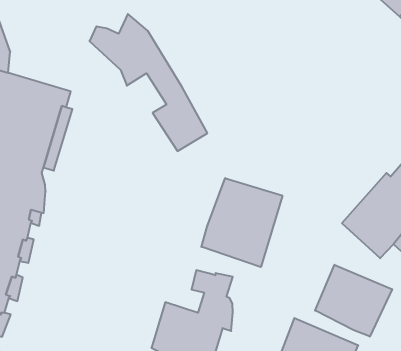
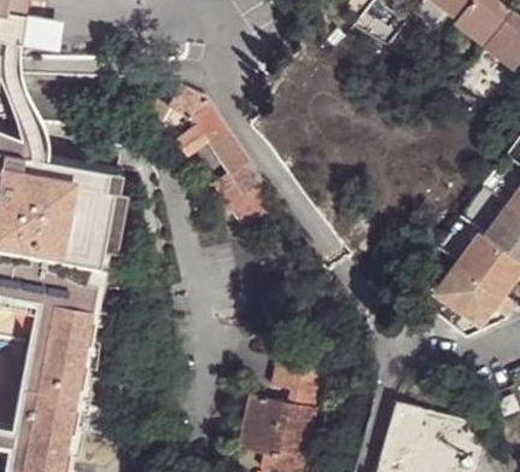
building: [201,178,282,267] -> none
building: [315,265,392,337] -> none

